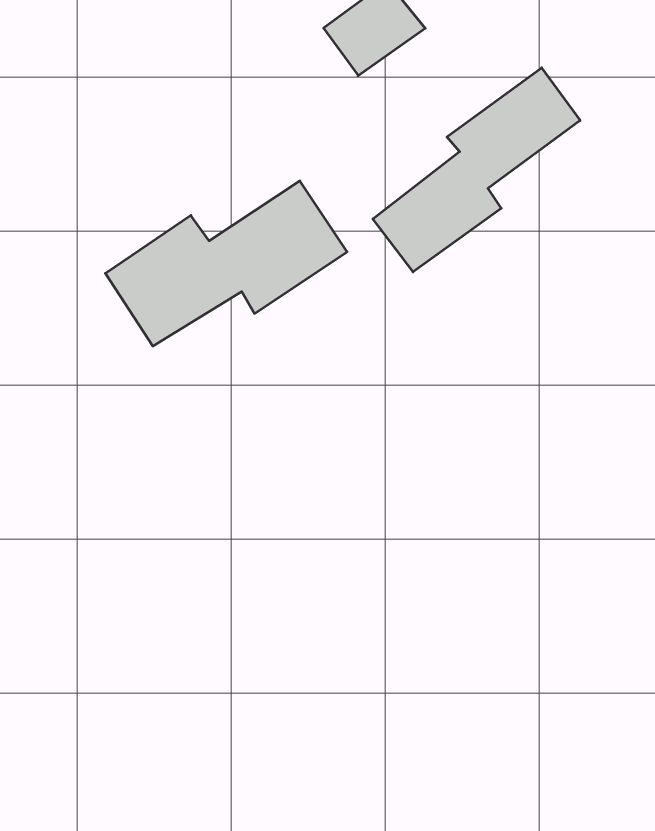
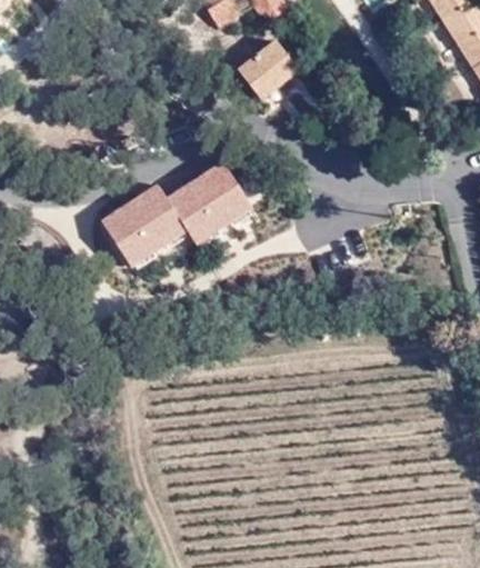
building: [373,68,580,272] -> none

